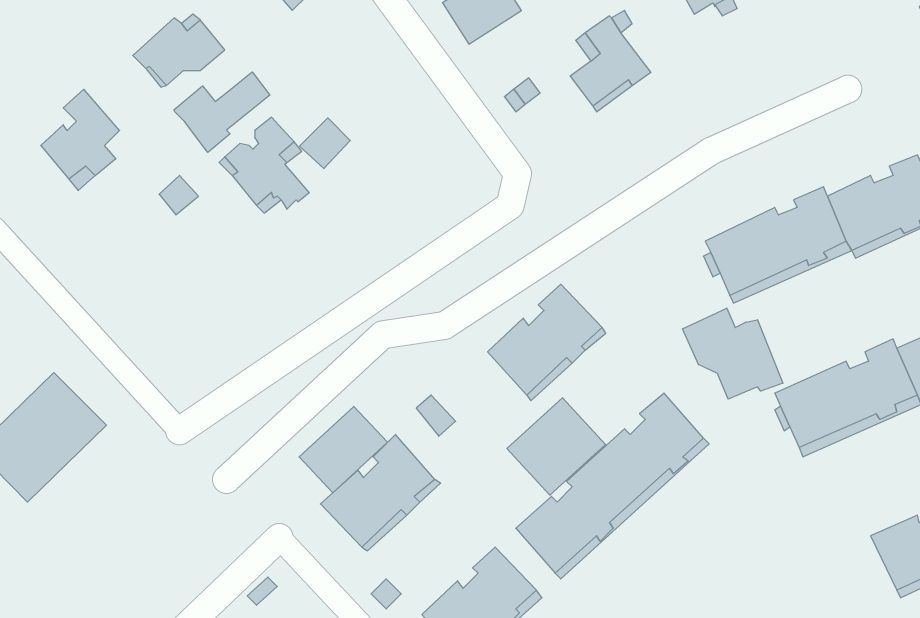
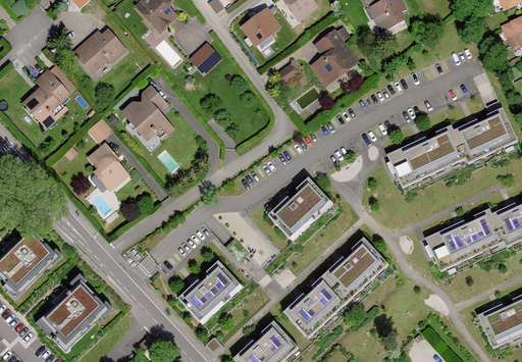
building: [174,72,270,152] -> none
building: [300,118,350,169] -> [190,45,217,72]
building: none -> [90,145,125,189]
building: [683,308,783,399] -> none
building: [507,398,606,495] -> none
building: [299,406,387,493] -> none
building: none -> [39,280,107,348]

